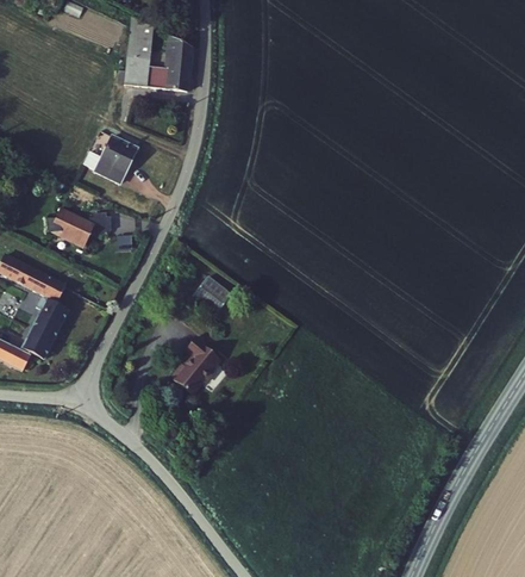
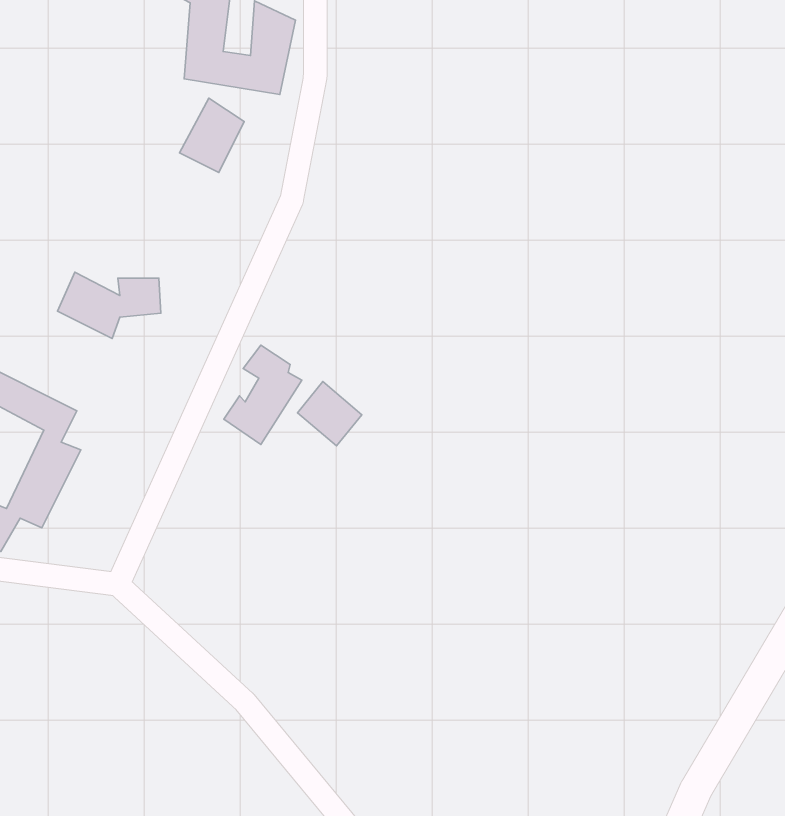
building: [96,139,136,185] -> [180,98,244,172]
building: [174,334,221,395] -> [224,345,302,445]

